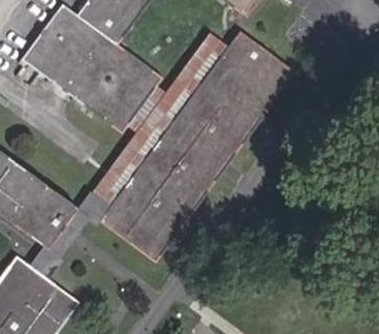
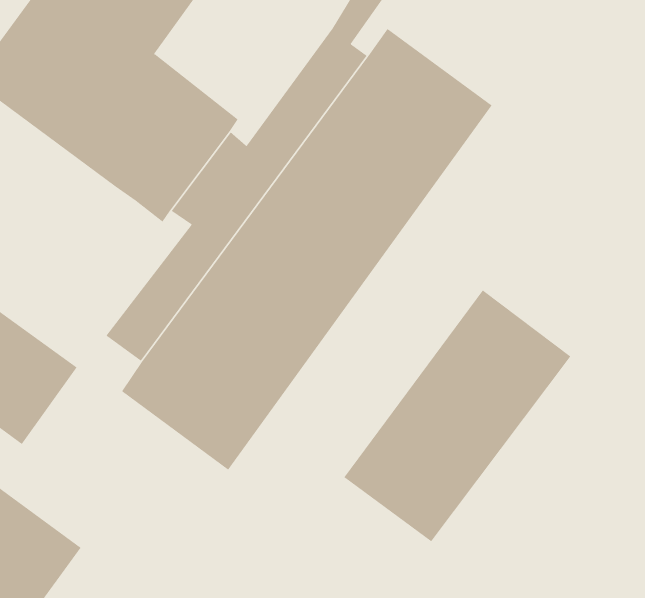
building: none -> [344,290,571,542]

